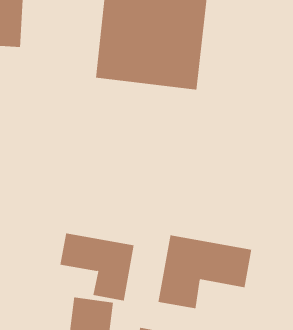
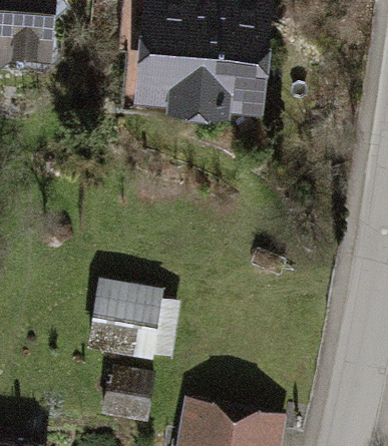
building: [158,235,252,309] -> none

